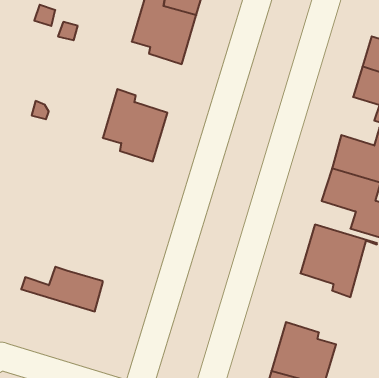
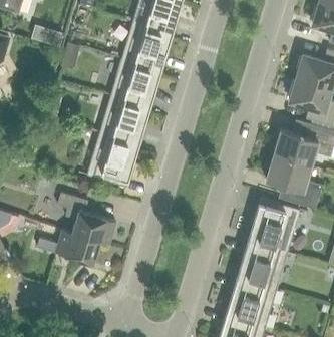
building: none -> [109,58,158,112]
building: none -> [78,131,136,187]
building: none -> [56,193,115,245]
building: none -> [238,235,287,289]

